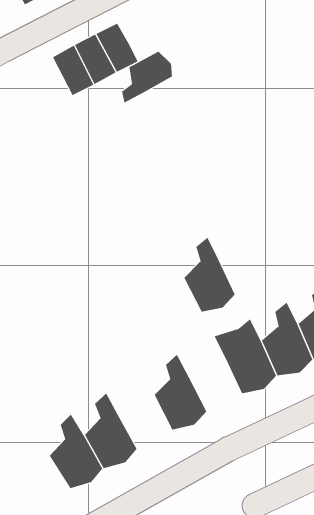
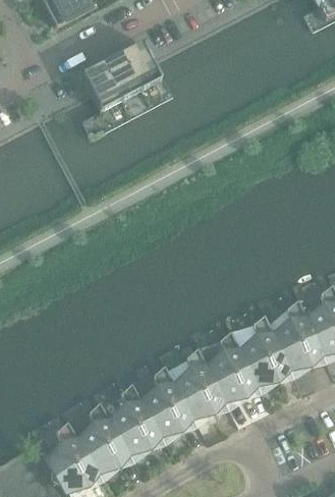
building: [121,51,172,104] -> none
building: [183,237,235,312] -> [208,331,256,400]
building: none -> [143,366,191,435]
building: none -> [47,422,98,491]

